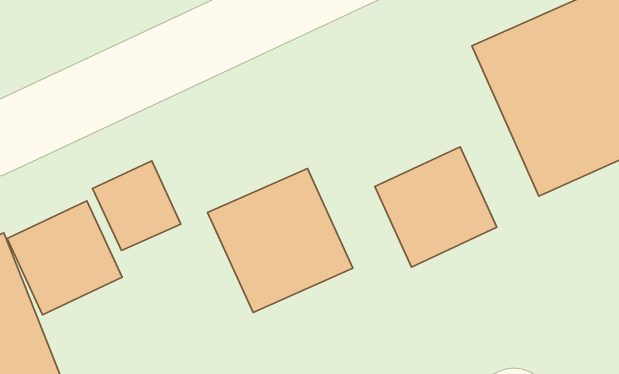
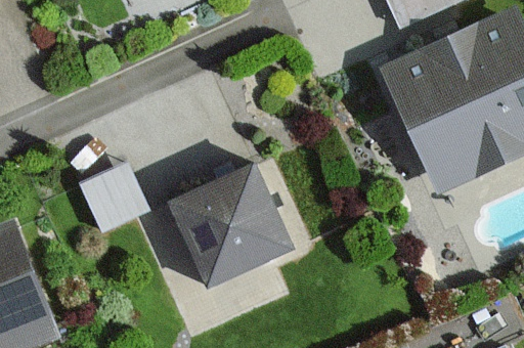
building: [375,147,497,267] -> none
building: [7,201,122,315] -> none

